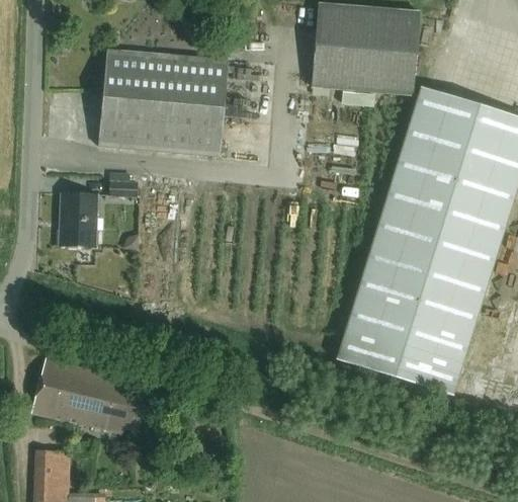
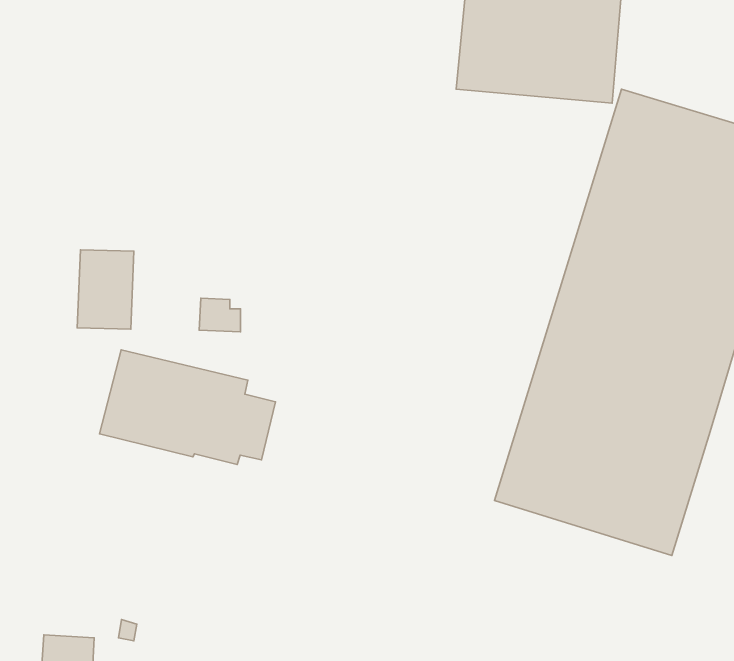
building: [97,48,229,156] -> none
building: [109,173,137,195] -> [199,298,241,332]
building: [31,355,148,431] -> [100,350,275,464]

